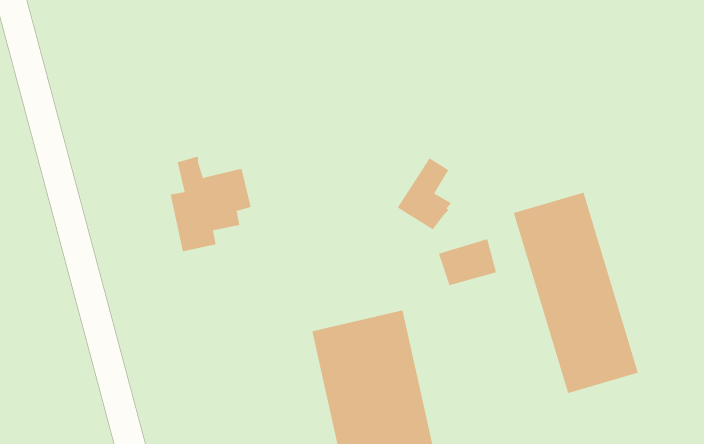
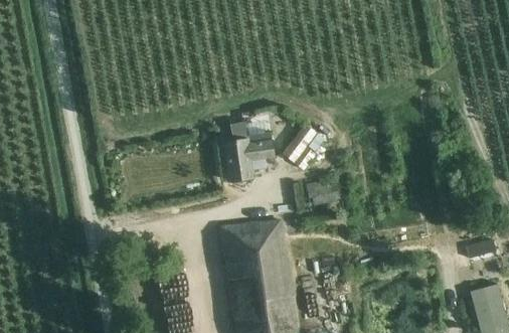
building: [170,156,252,252] -> [225,121,277,181]
building: [513,192,638,394] -> none

